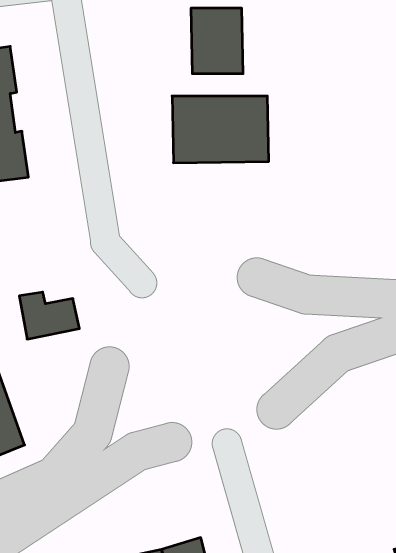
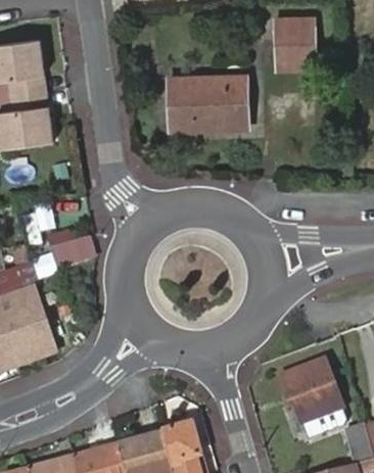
building: [191,8,243,74] -> [275,17,316,68]
building: none -> [280,364,338,423]

